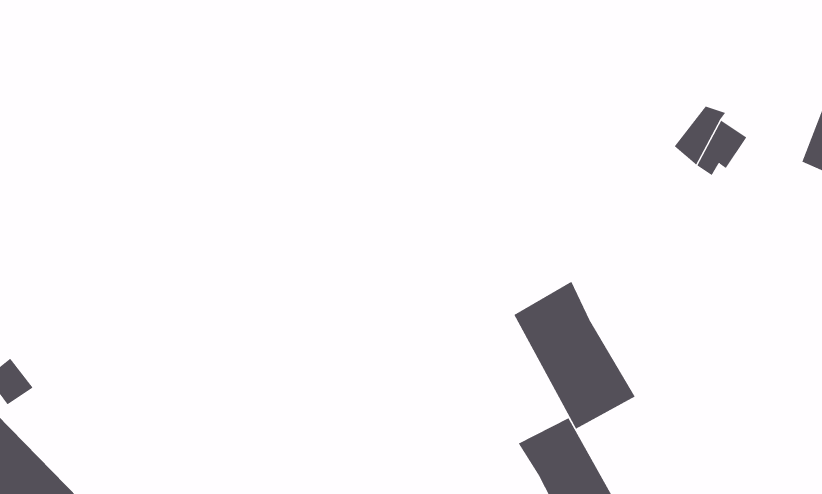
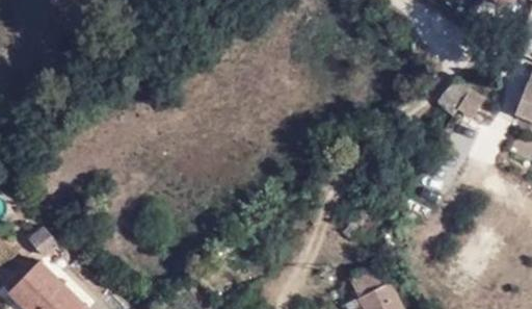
building: [514,281,635,430] -> none

